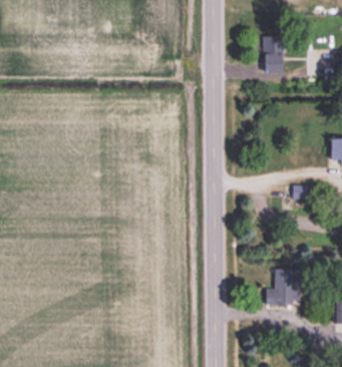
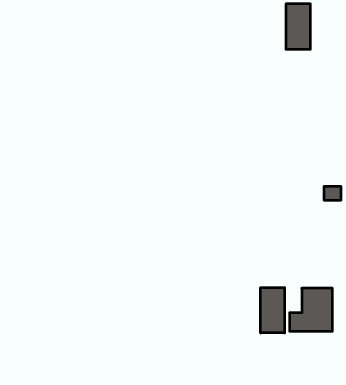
building: none -> [261,288,285,333]

